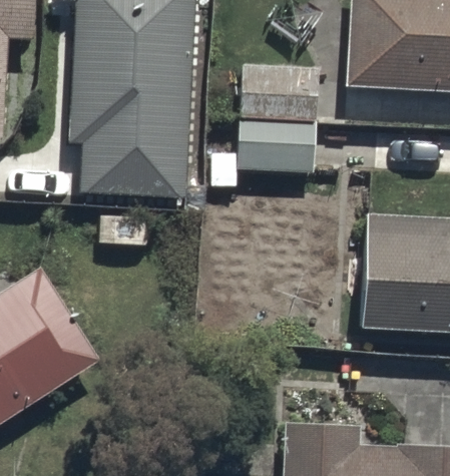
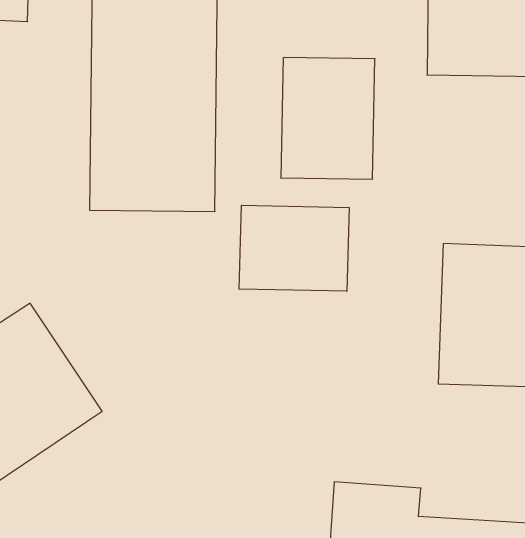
building: none -> [239,205,349,291]

